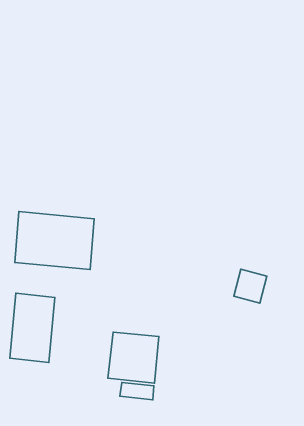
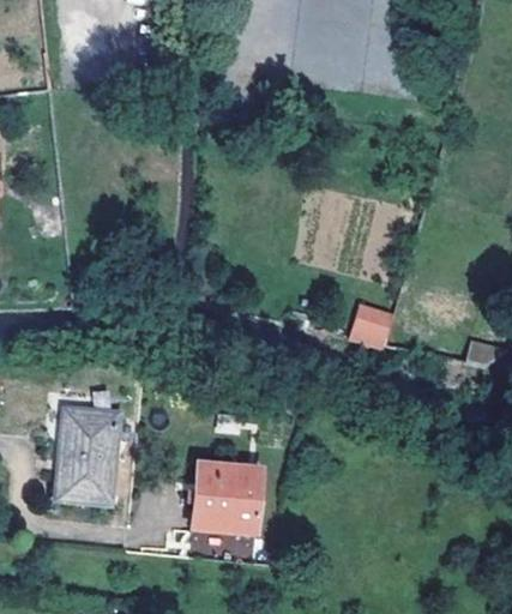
building: [15,212,94,270] -> none
building: [234,269,267,303] -> [349,302,394,349]

